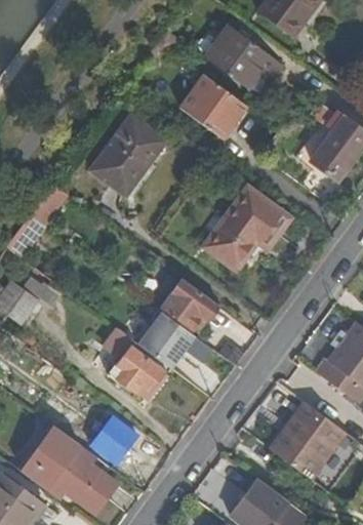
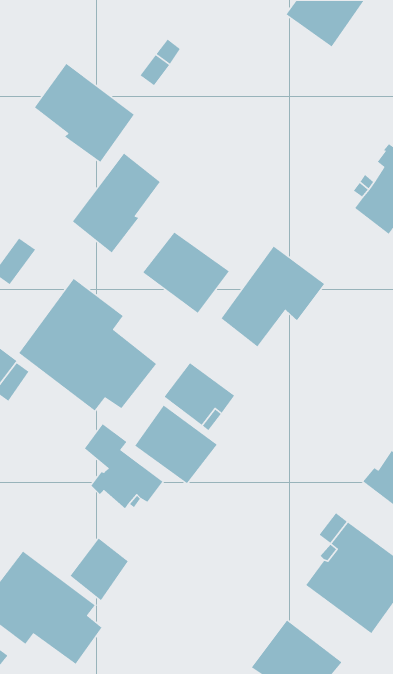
building: [204,25,282,88] -> none
building: none -> [34,63,135,163]
building: [179,77,247,140] -> [142,232,230,314]
building: none -> [18,278,157,411]

